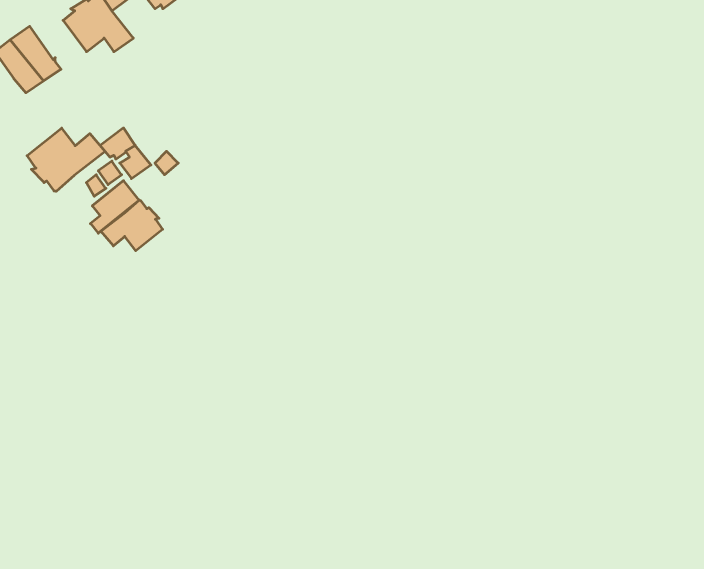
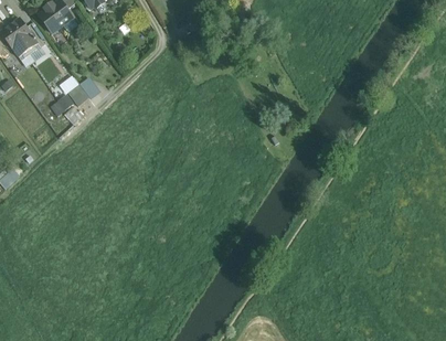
building: [27,128,105,191] -> none
building: [101,200,163,251] -> none

